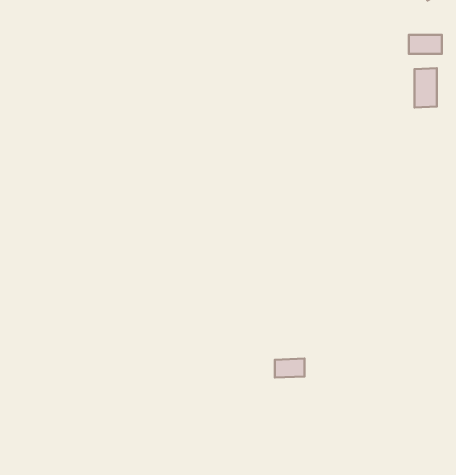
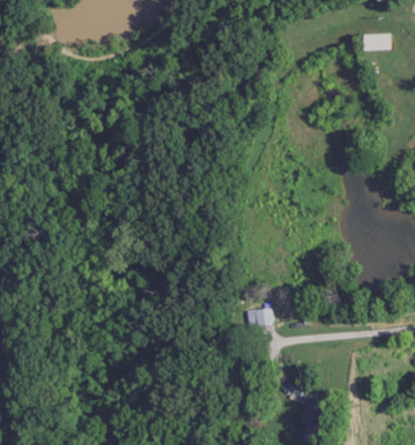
building: [415,68,437,107] -> none

